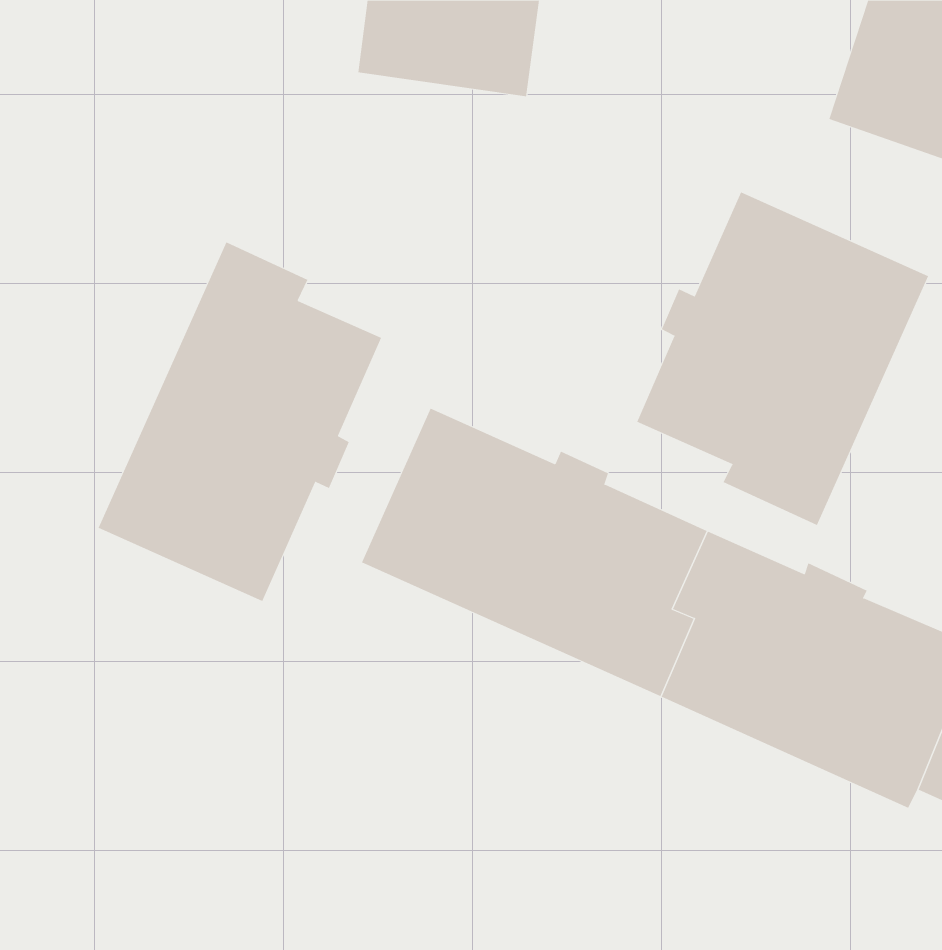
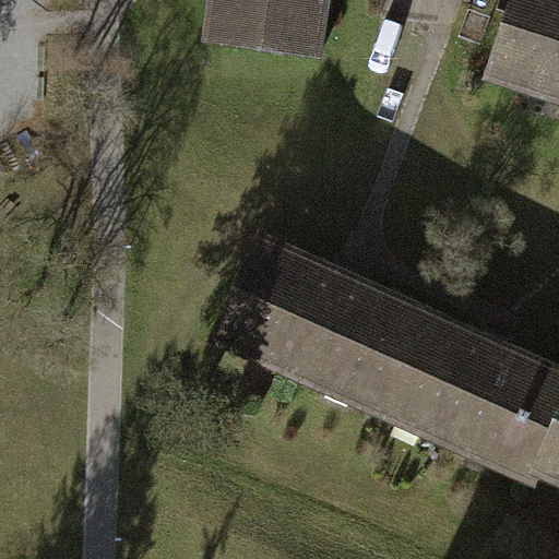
building: [636,192,929,526] -> none
building: [98,241,382,602] -> none

